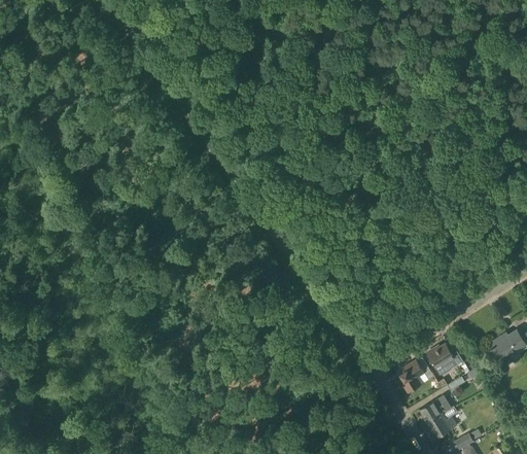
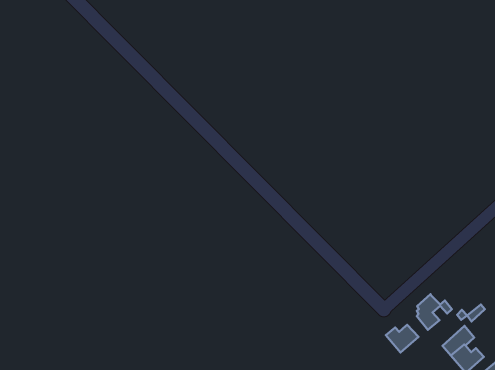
building: [426,344,462,375] -> none
building: none -> [386,325,418,353]

